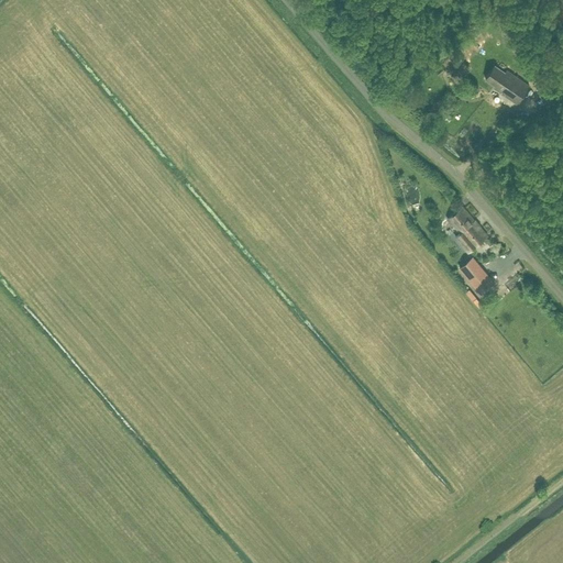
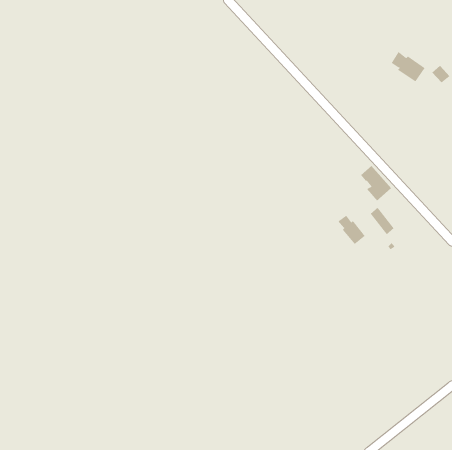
building: none -> [337,215,366,245]

